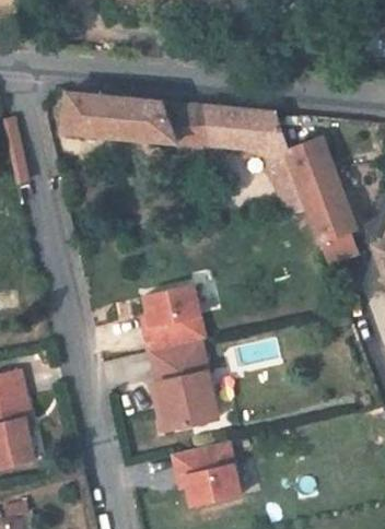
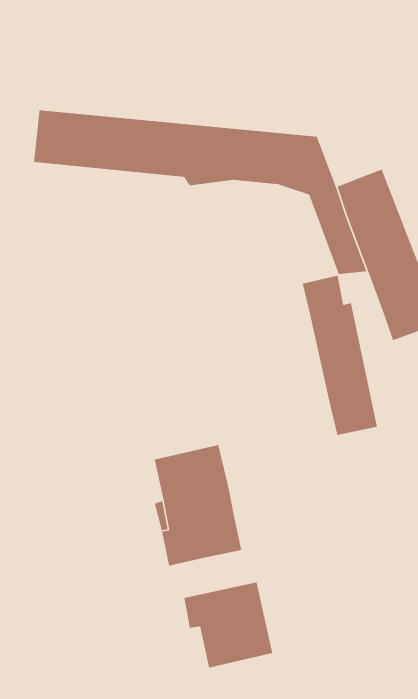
building: none -> [302,275,378,436]
building: [145,284,206,351] -> none

